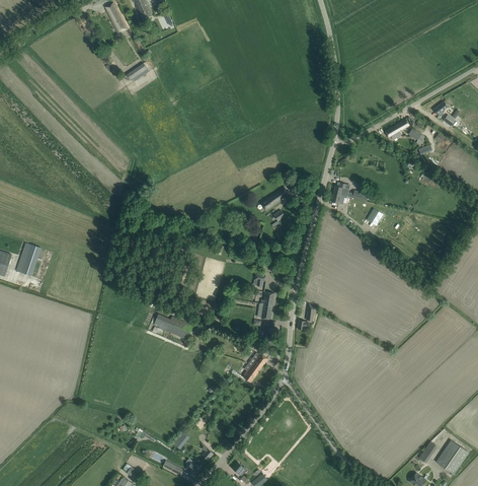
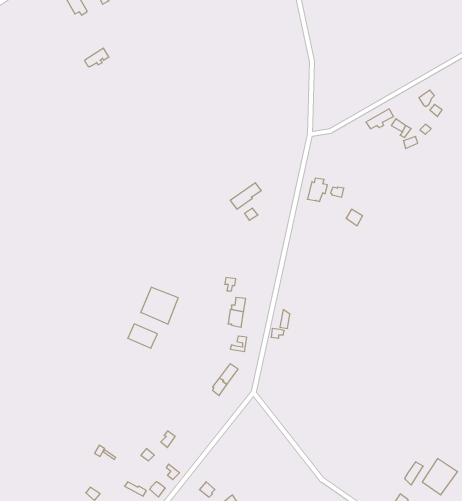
building: none -> [141,287,178,324]

